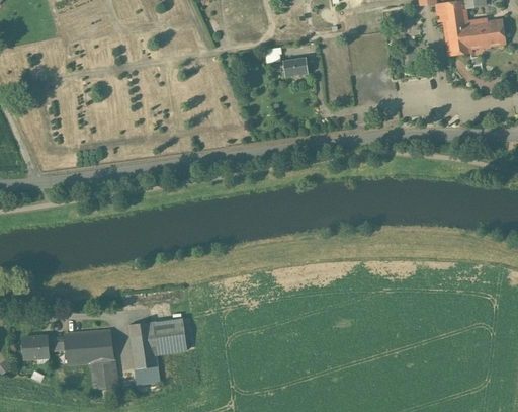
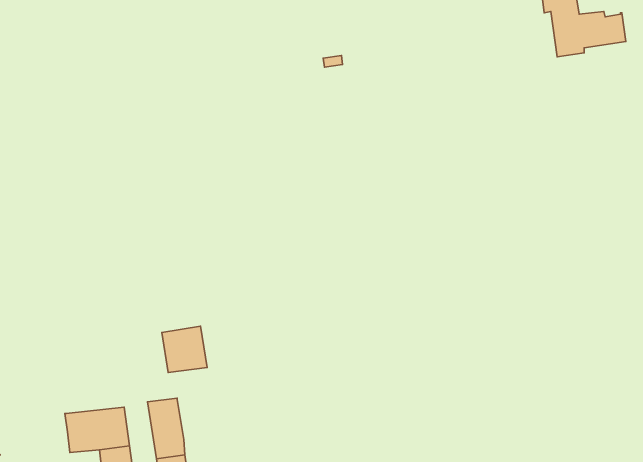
building: [282,58,308,77] -> none
building: [151,318,186,354] -> [162,326,207,373]
building: [21,334,65,359] -> none

